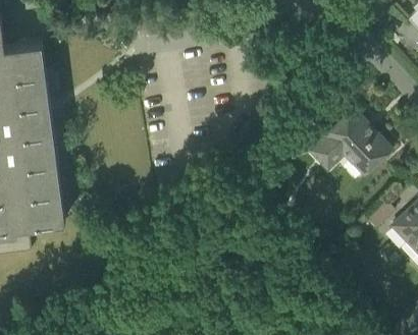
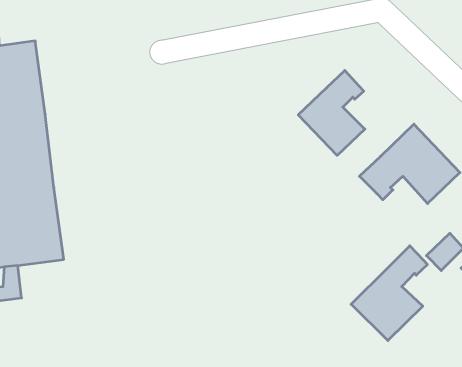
building: none -> [298,70,365,155]
building: none -> [351,246,427,341]

